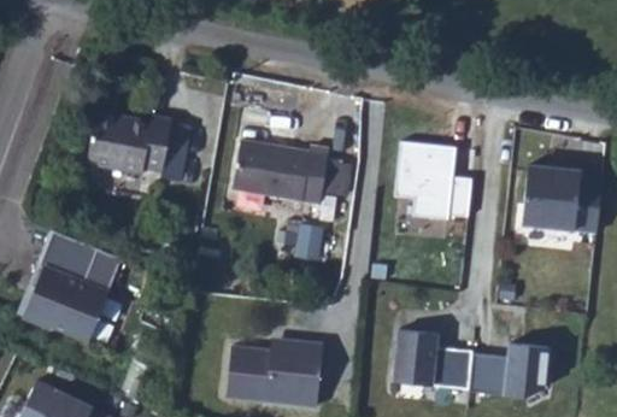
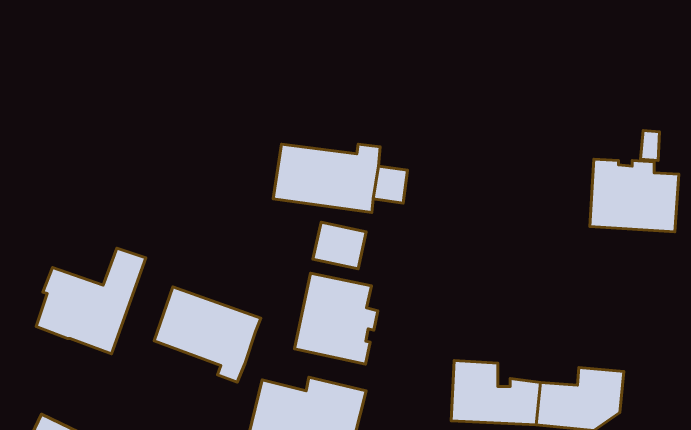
building: [94,112,182,174] -> none
building: [392,133,469,207] -> none
building: none -> [295,273,378,364]
building: none -> [154,287,261,382]

